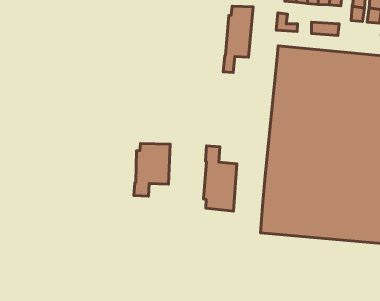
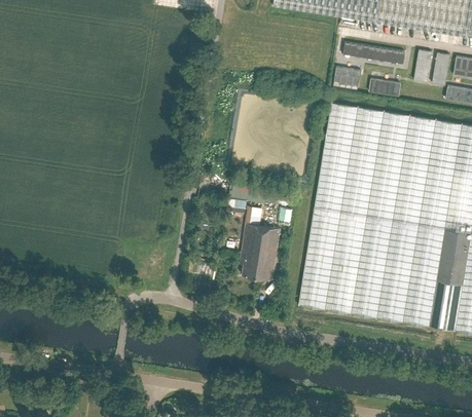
building: [223,6,253,73] -> none
building: [134,143,170,196] -> none

